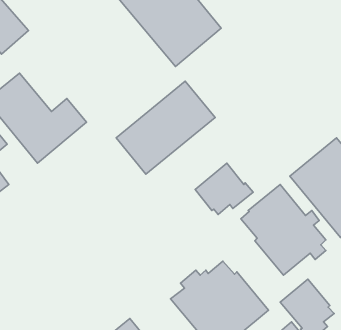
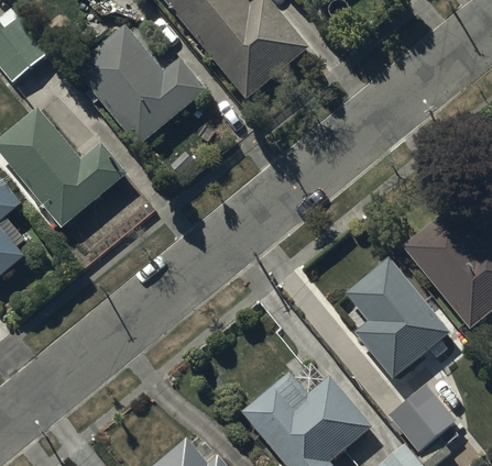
building: none -> [73,24,205,144]
building: [116,81,215,174] -> none
building: [195,163,253,215] -> none

